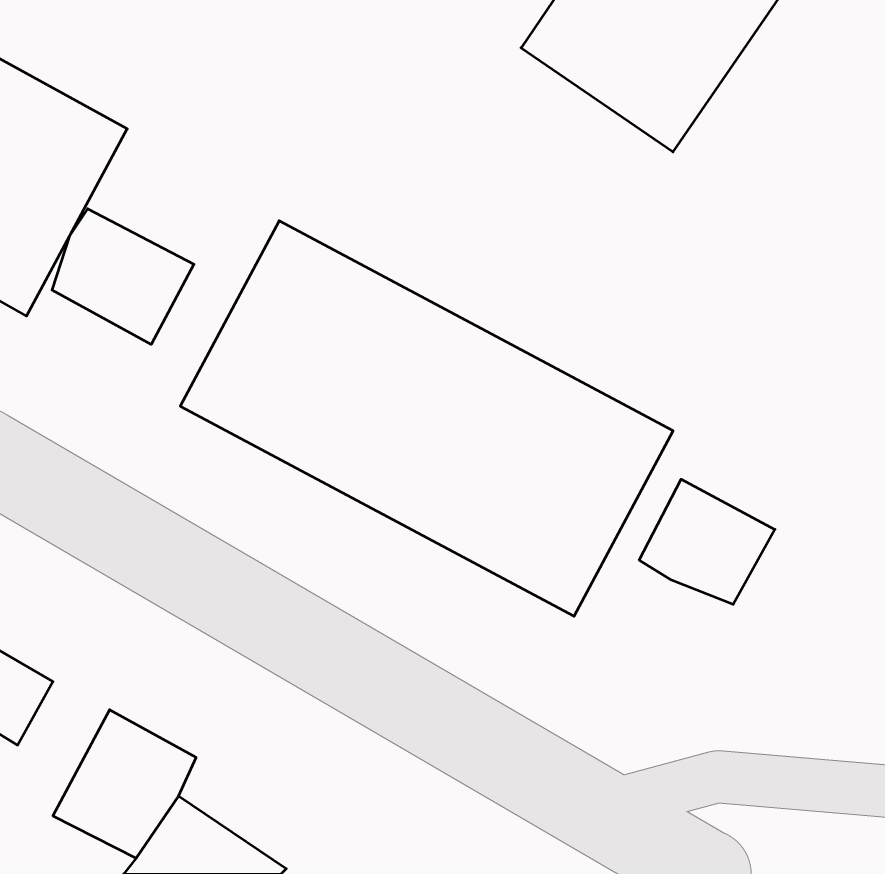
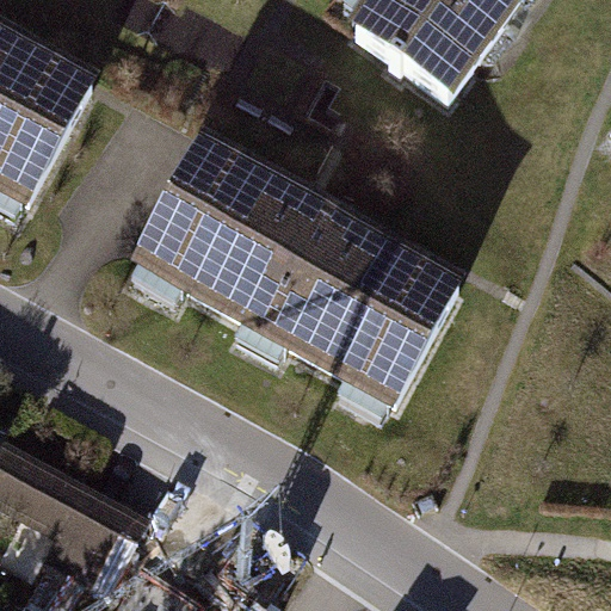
building: [52,209,194,344] -> none
building: [639,479,775,604] -> none

